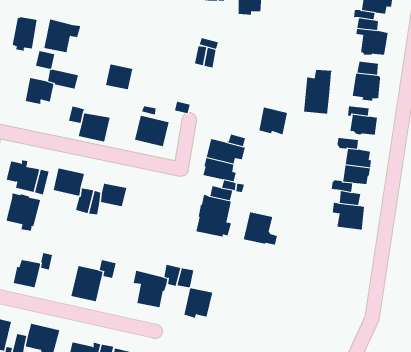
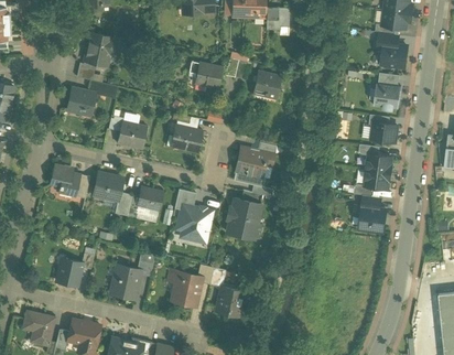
building: [12,16,37,51] -> none
building: [105,64,133,90] -> [195,63,221,87]
building: [304,69,332,115] -> none
building: [258,107,288,135] -> [253,71,281,97]
building: [6,193,41,231] -> none
building: none -> [174,203,218,246]
building: [243,212,278,246] -> none

